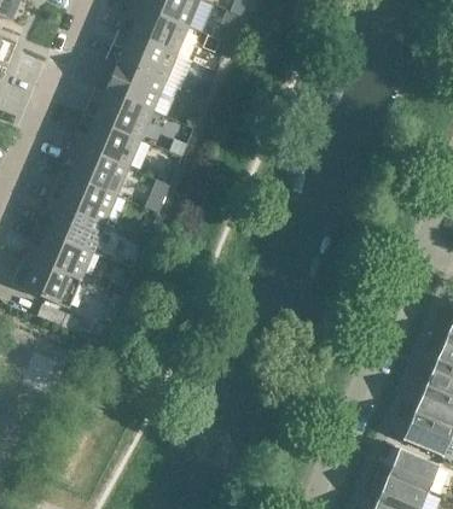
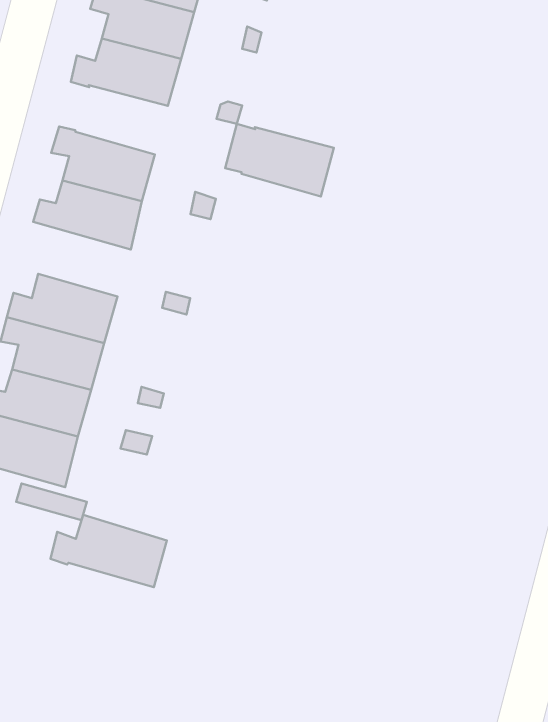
building: [95,59,164,111] -> [225,124,334,196]
building: [65,142,129,195] -> none
building: none -> [50,515,167,587]

